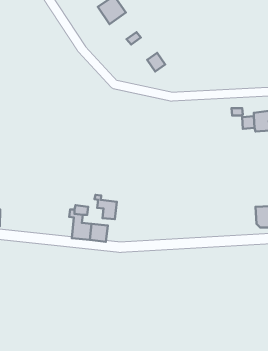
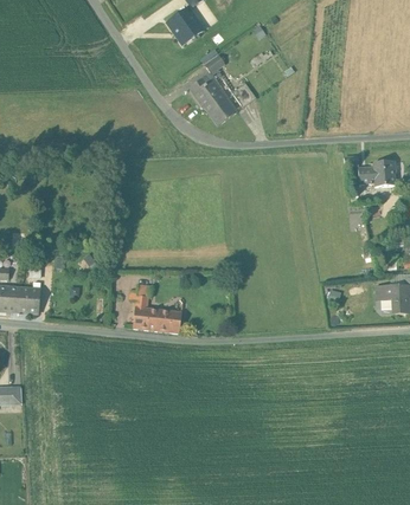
building: none -> [188,73,238,124]
building: [95,195,117,219] -> none

